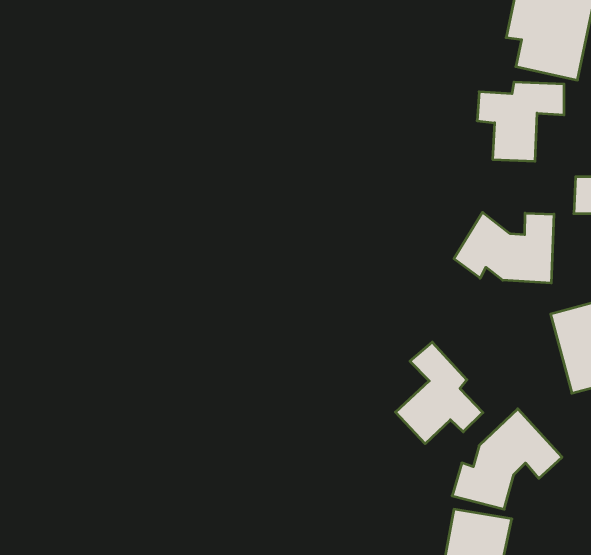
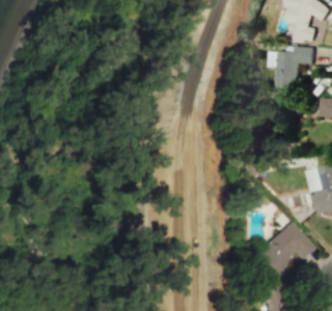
building: [454,212,554,283] -> none
building: [395,342,483,444] -> none

